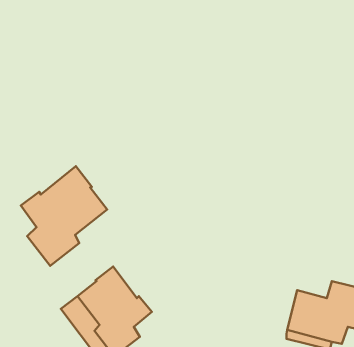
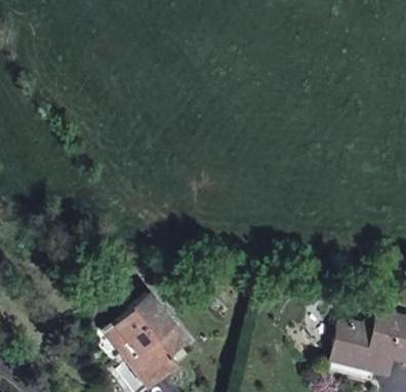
building: [21,166,107,266] -> none

